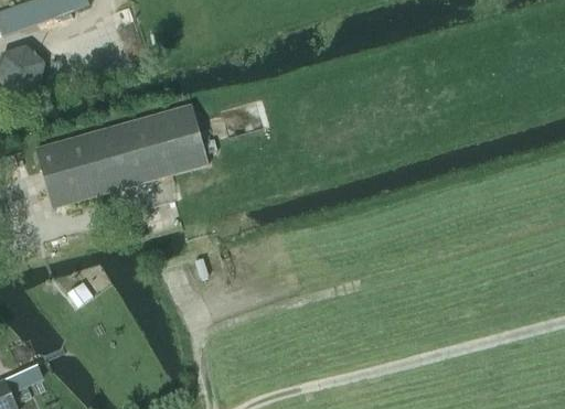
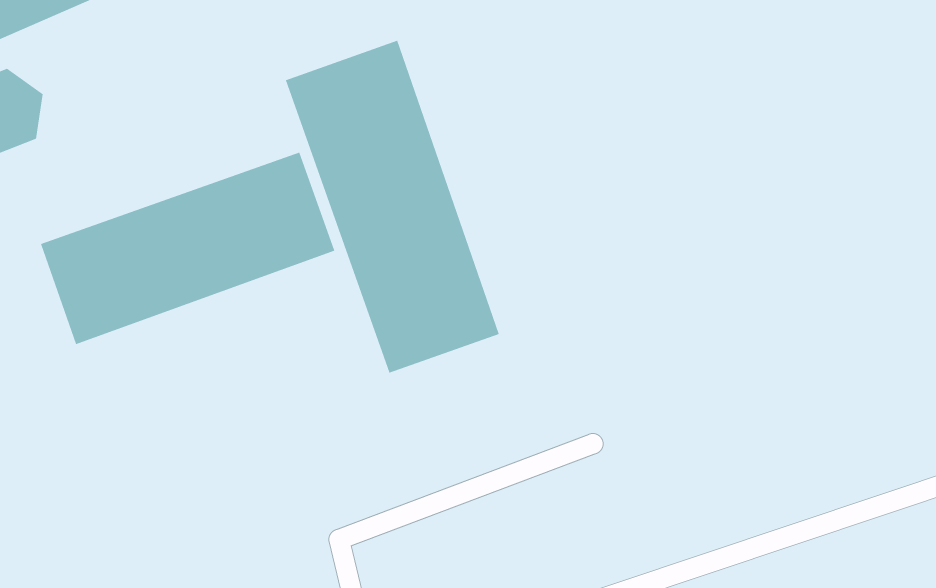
building: none -> [285,40,500,373]

